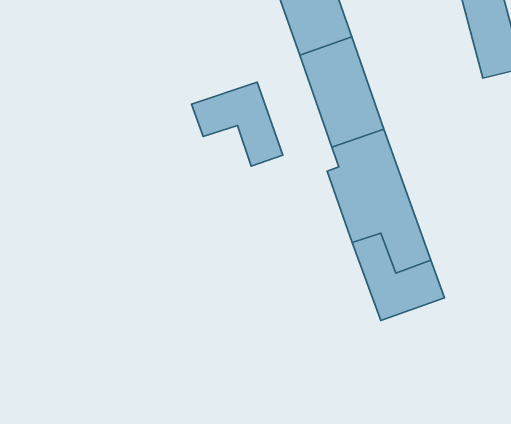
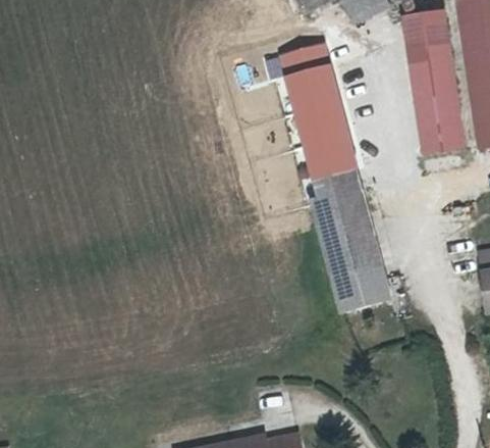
building: [191,82,283,166] -> none

